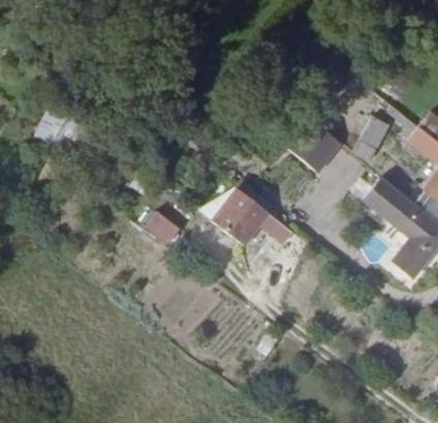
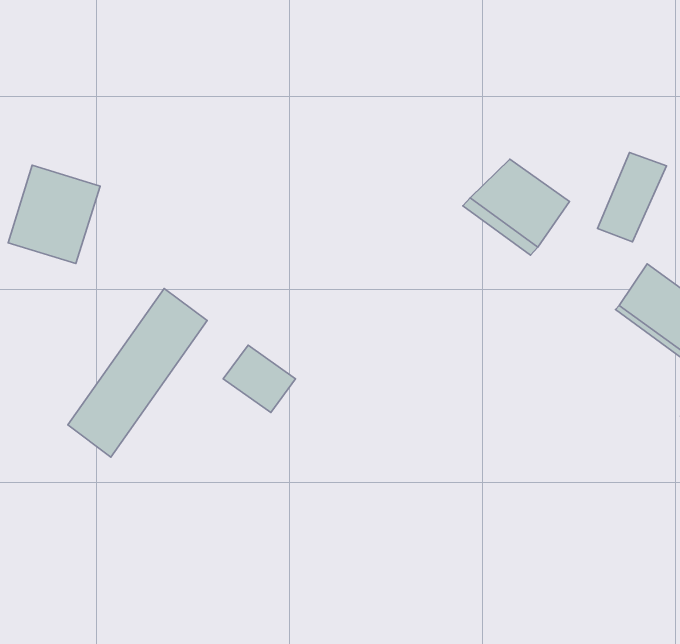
building: none -> [68,288,207,457]
building: [213,185,296,249] -> none

